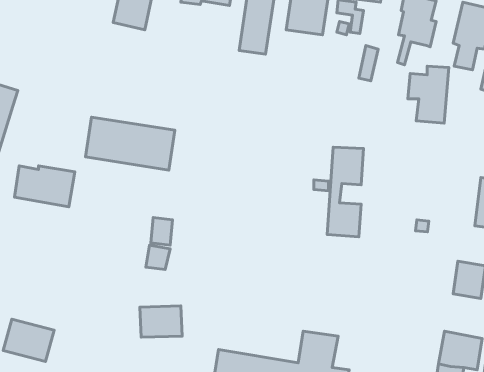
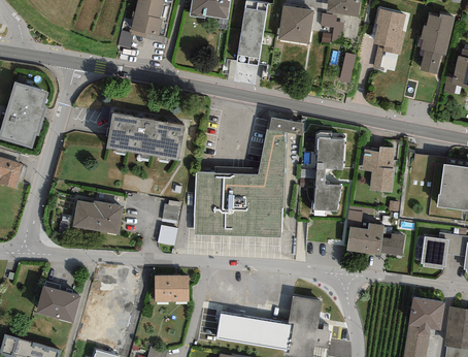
building: [408,66,449,123] -> [363,144,398,193]
building: none -> [195,119,304,238]
building: [14,166,75,207] -> [72,200,124,235]
building: none -> [345,223,405,256]

